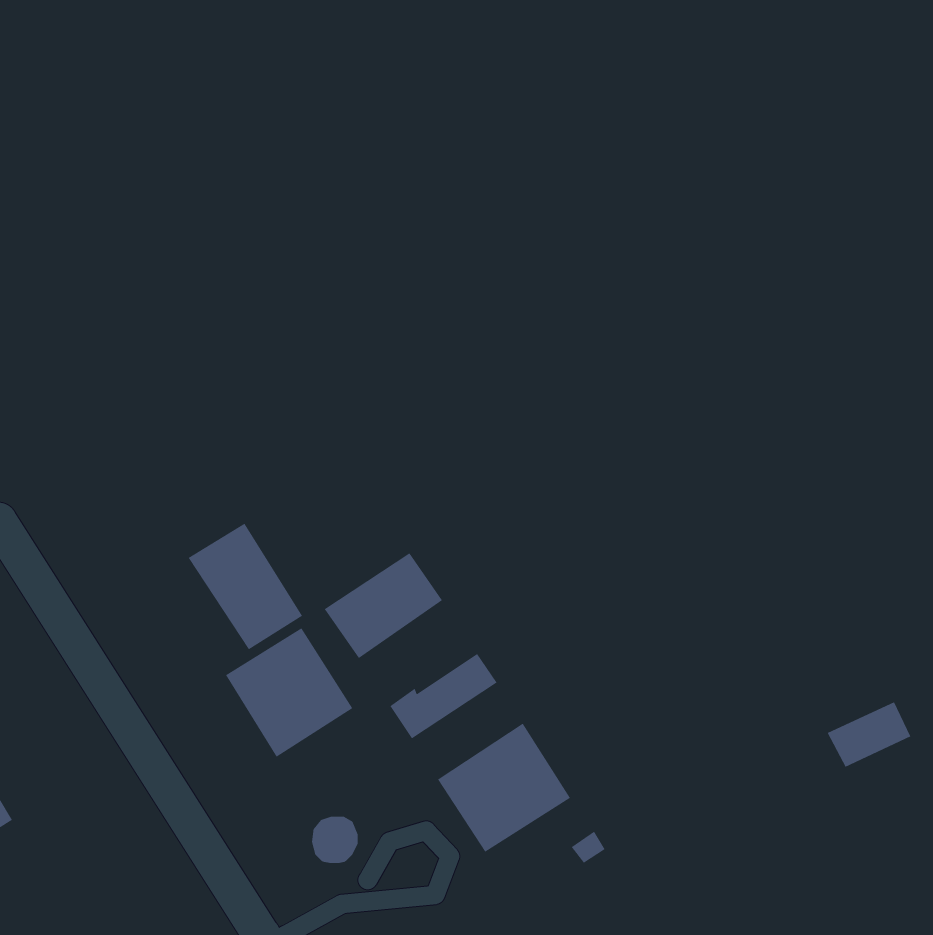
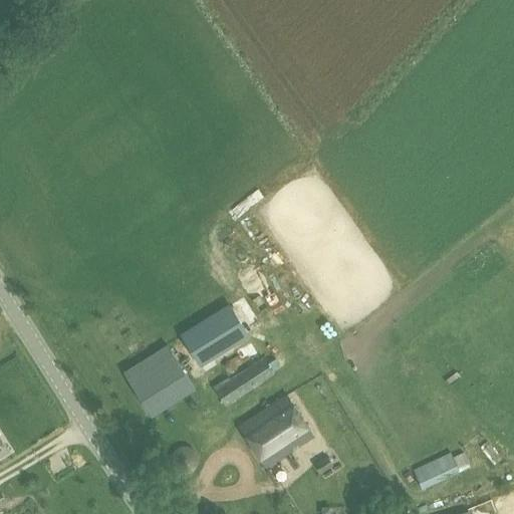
building: [188,523,303,650] -> none
building: [827,702,911,767] -> [413,454,459,490]

